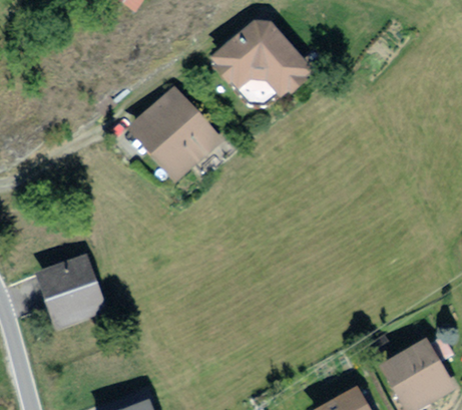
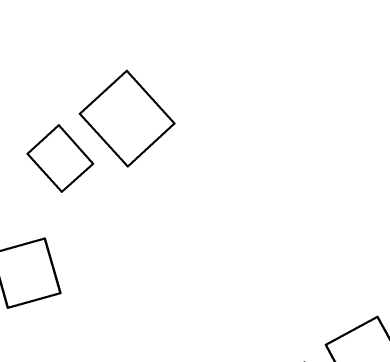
building: [212,20,312,103] -> none
building: none -> [28,125,93,192]

